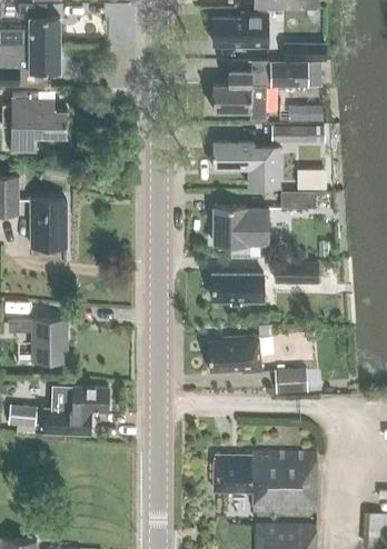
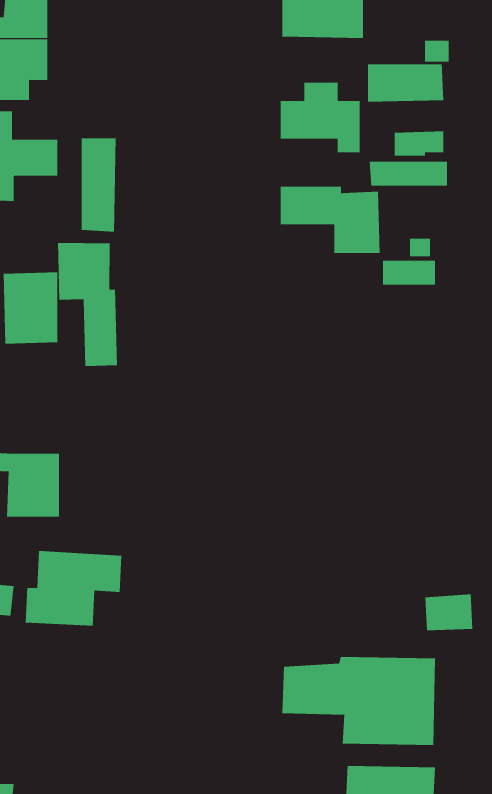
building: none -> [81,138,116,233]
building: none -> [58,242,117,367]
building: [212,202,267,246] -> none
building: [276,261,318,283] -> none
building: [212,273,264,303] -> none
building: [210,336,264,375] -> none
building: [276,368,308,392] -> [425,594,473,631]

